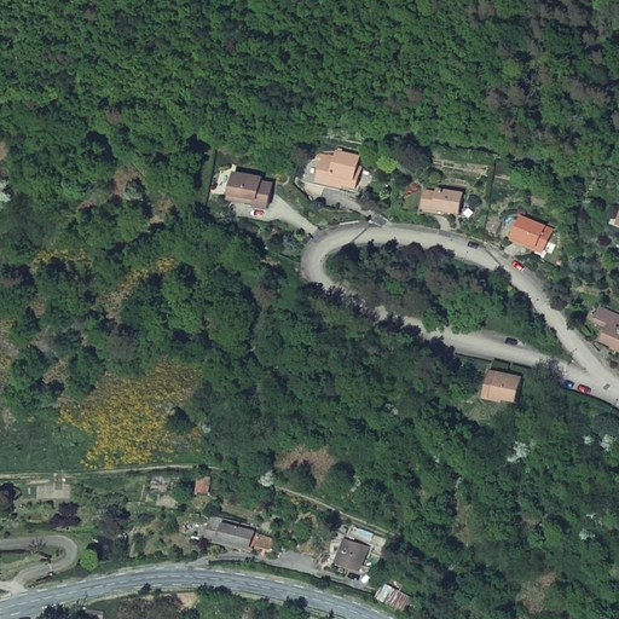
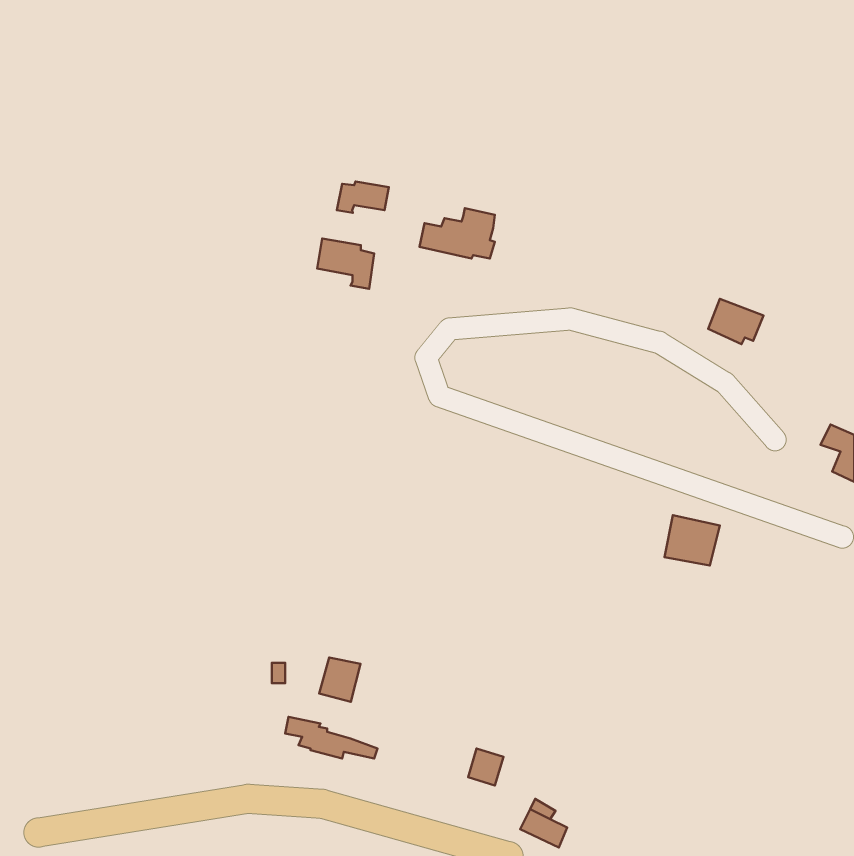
building: none -> [337,181,389,213]
building: [421,189,459,212] -> none
building: none -> [319,657,360,702]

